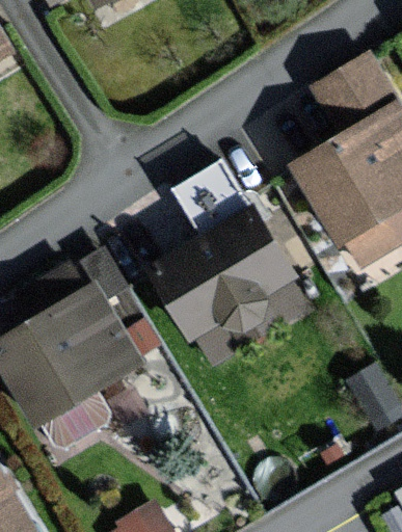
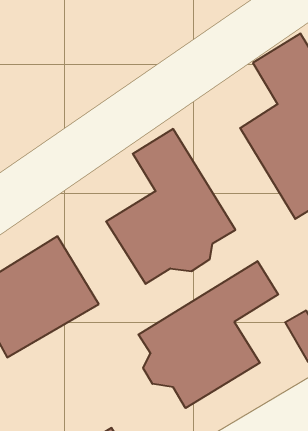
building: none -> [138,261,278,408]

